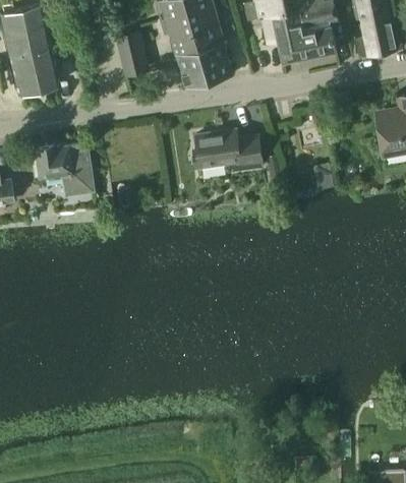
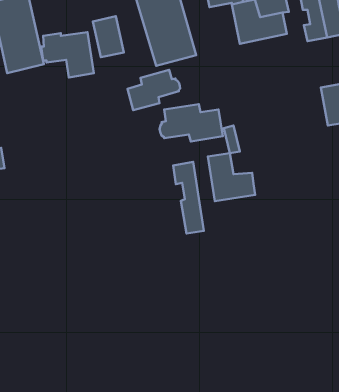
building: none -> [127,70,180,110]
building: [33,144,93,196] -> [41,32,94,77]
building: none -> [208,153,255,201]
building: none -> [173,162,204,233]

